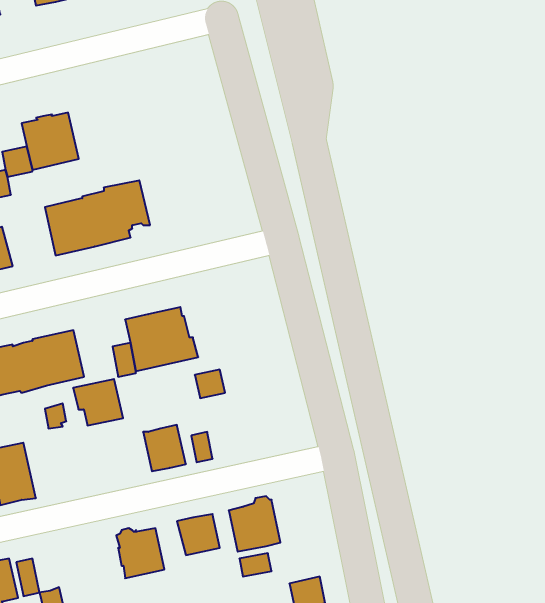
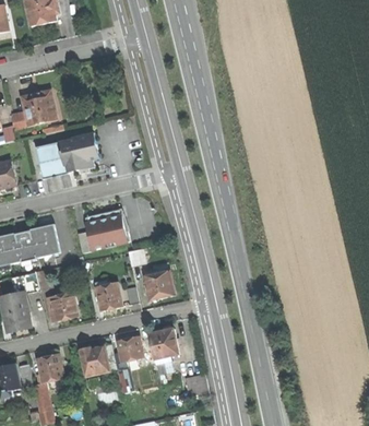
building: [73,379,123,425] -> [46,292,76,320]
building: none -> [143,270,174,300]
building: none -> [36,354,62,383]

